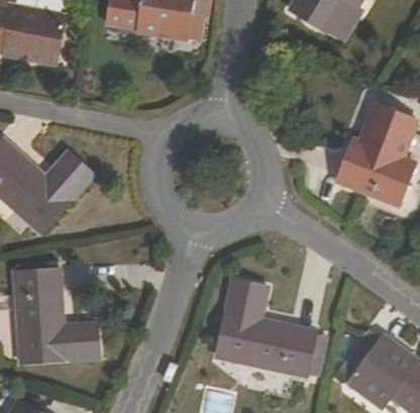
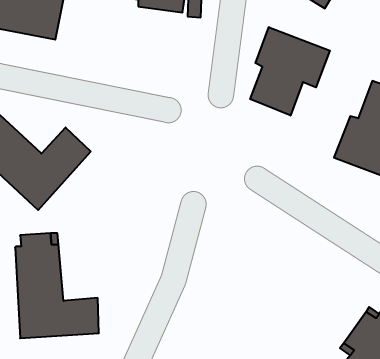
building: none -> [250,27,330,116]
building: [217,280,315,376] -> none

